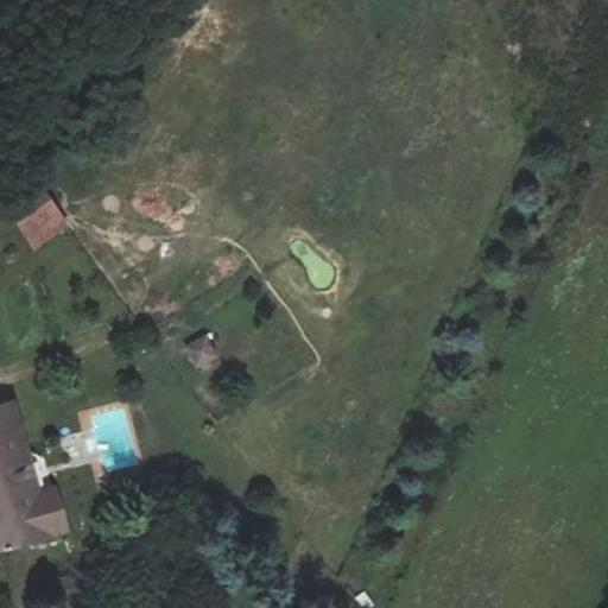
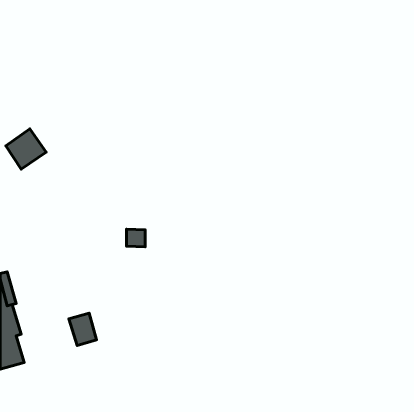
building: [24,484,64,532] -> [69,313,96,346]

